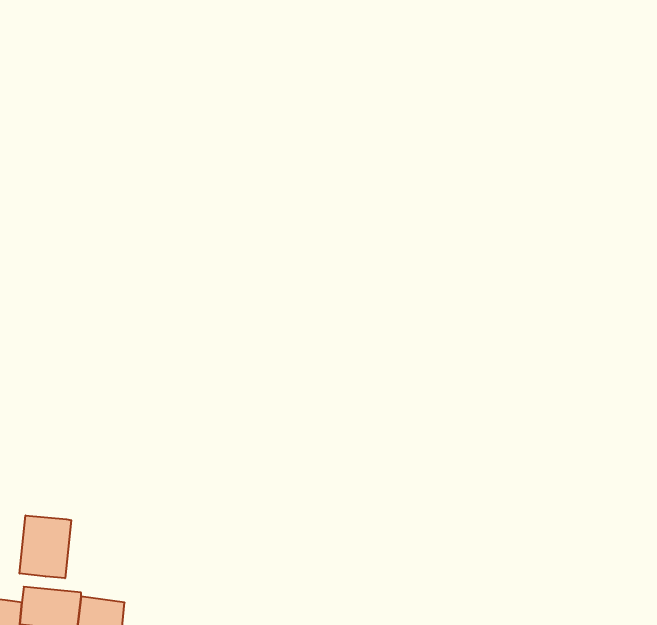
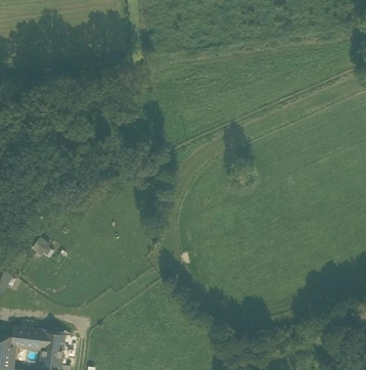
building: [20,515,71,578] -> none

